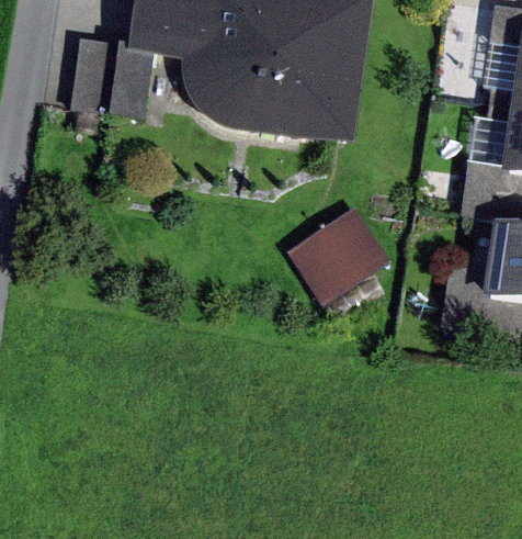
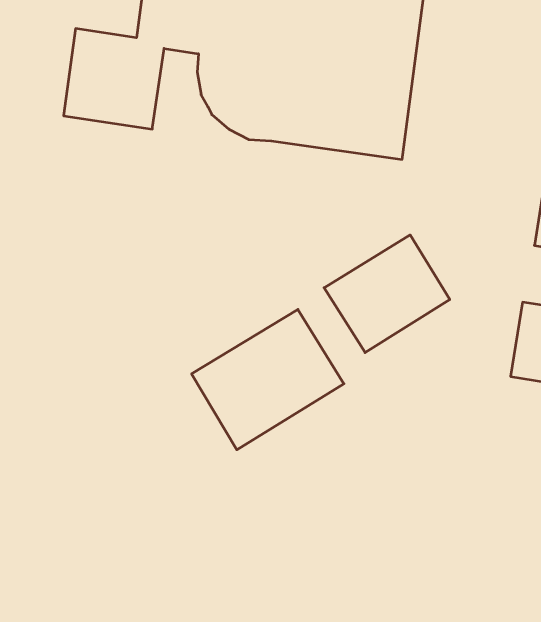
building: none -> [192,309,344,450]

